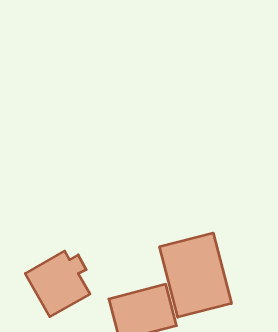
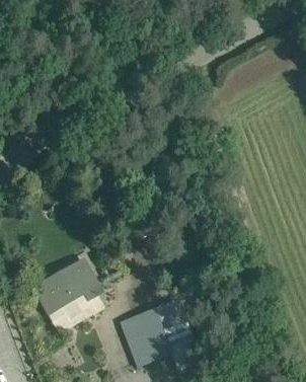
building: [160,233,231,317] -> none

